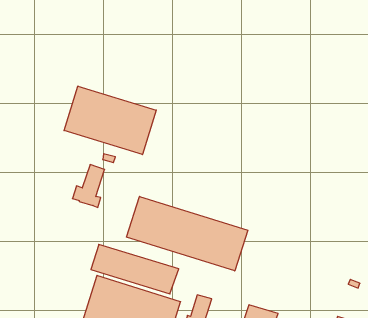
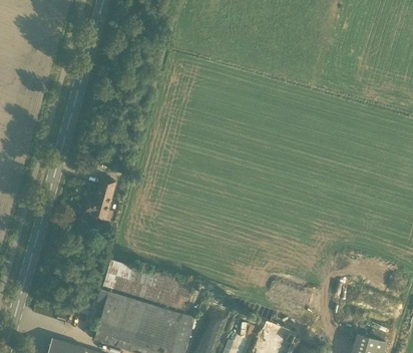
building: [64,86,156,155] -> none
building: [127,196,248,271] -> none

